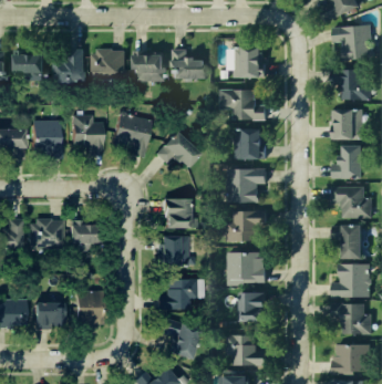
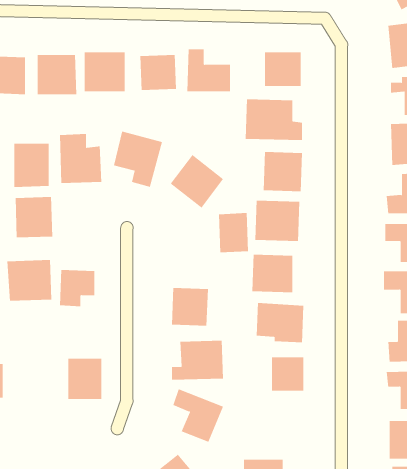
building: none -> [15,196,53,238]
building: [165,197,189,229] -> [218,213,249,253]
building: [34,301,65,330] -> none
building: [226,333,270,366] -> none

